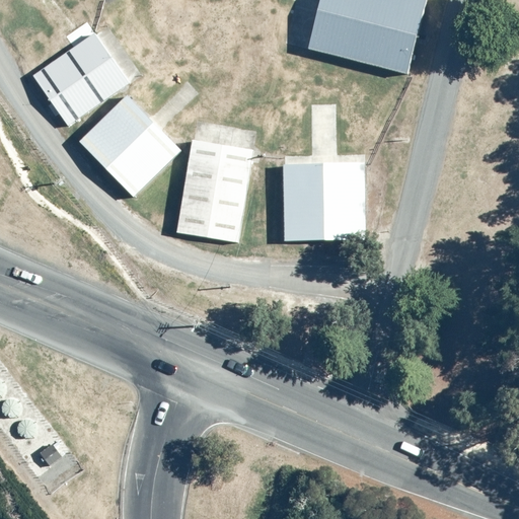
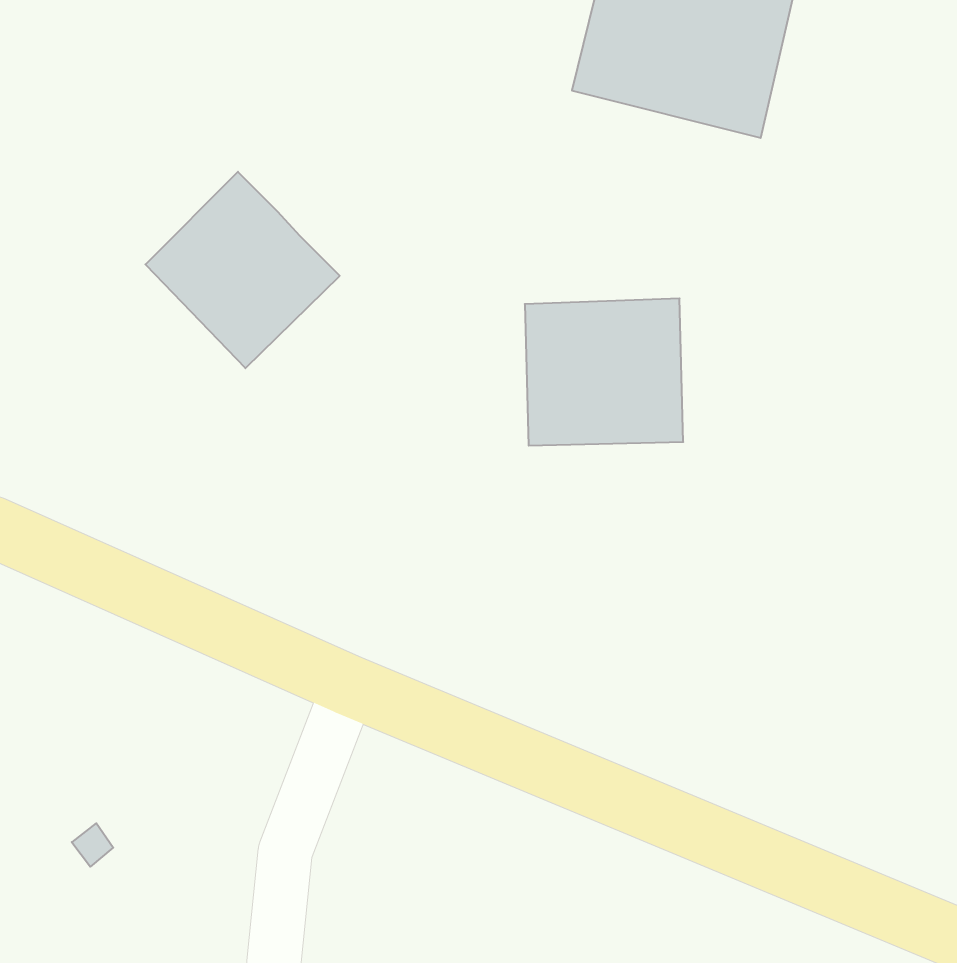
building: [31,30,130,125] -> none
building: [176,138,253,241] -> none

